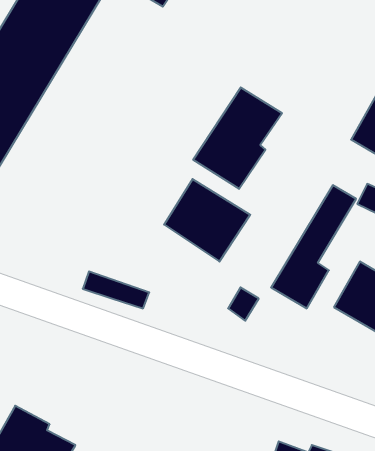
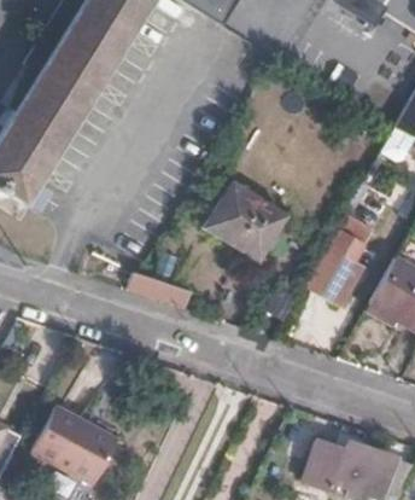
building: [193,87,282,189] -> none

